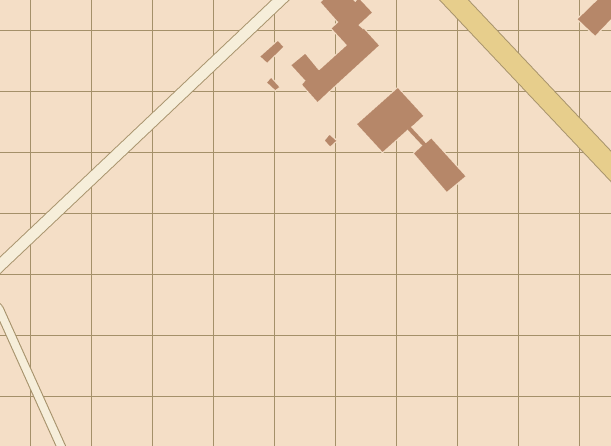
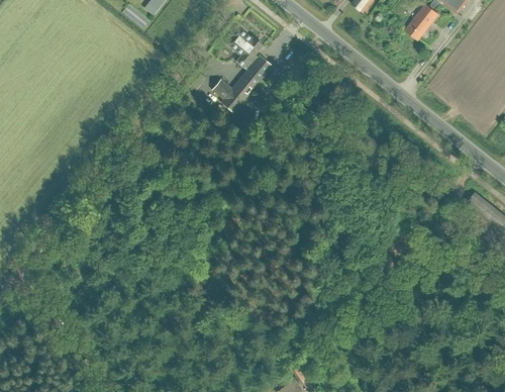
building: [356,87,466,193] -> none

